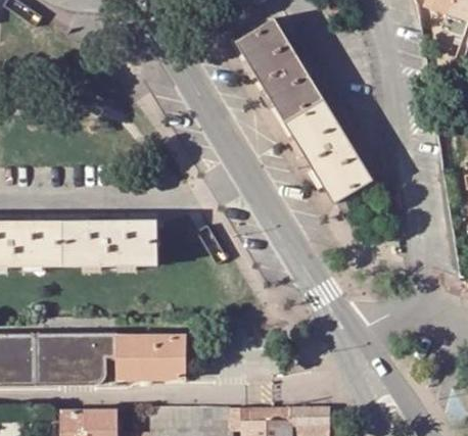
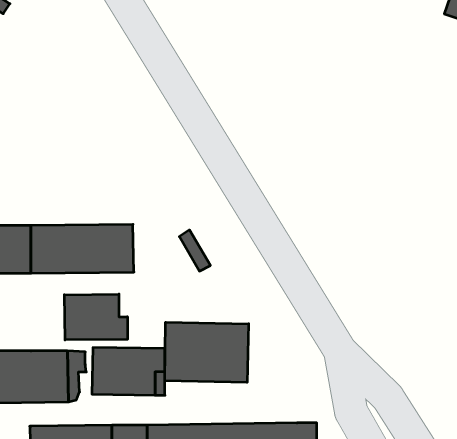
building: [237,19,372,203] -> none
building: none -> [64,294,127,340]
building: none -> [165,322,249,382]

